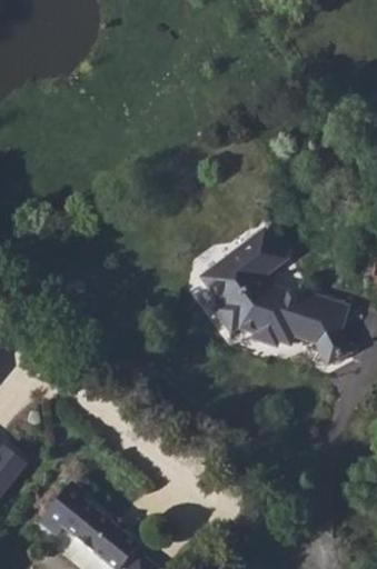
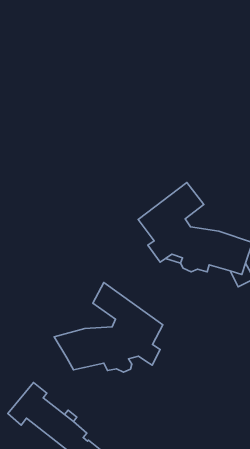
building: none -> [54,283,163,372]

